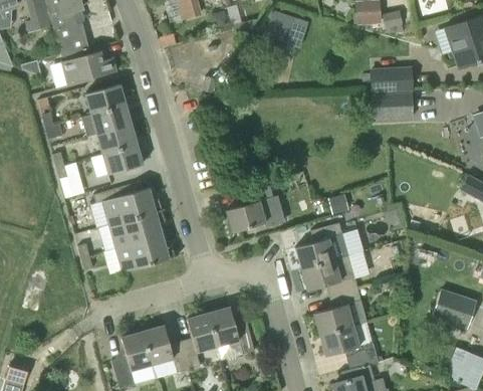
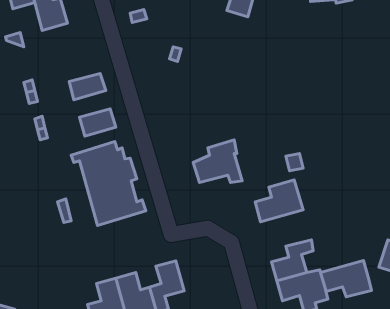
building: [61,50,116,84] -> none
building: [370,64,414,91] -> none
building: [85,83,126,114] -> none
building: [372,95,413,117] -> none
building: [96,124,137,153] -> none
building: [302,255,358,296] -> [321,261,372,297]
building: [209,306,255,360] -> none

